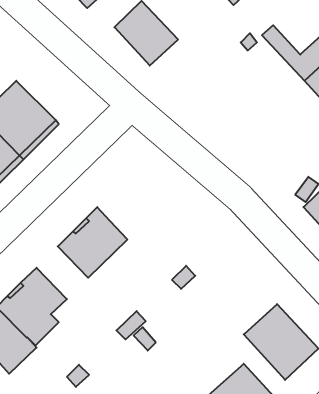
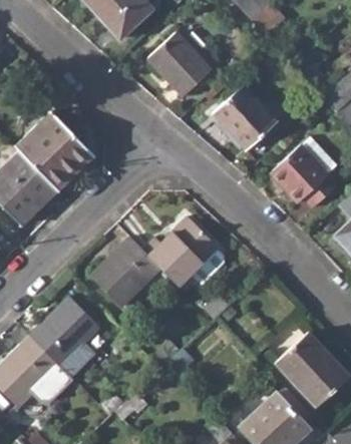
building: none -> [212,84,278,150]
building: none -> [271,136,338,208]
building: none -> [143,216,224,290]

